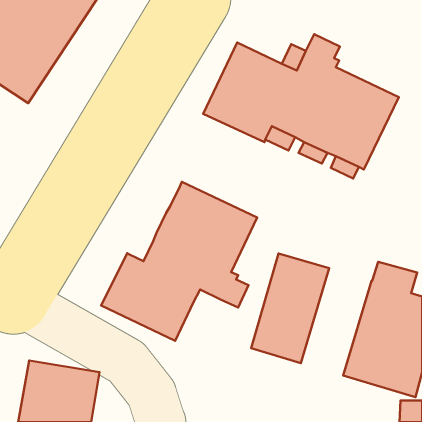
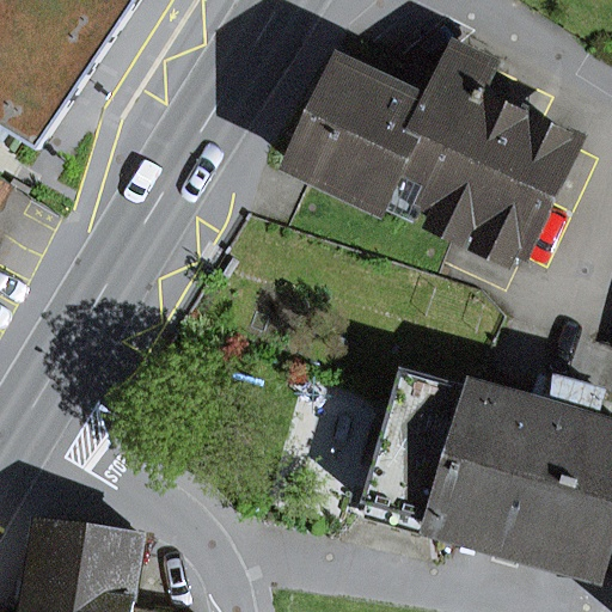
building: [101,182,257,341] -> none
building: none -> [434,386,536,540]

